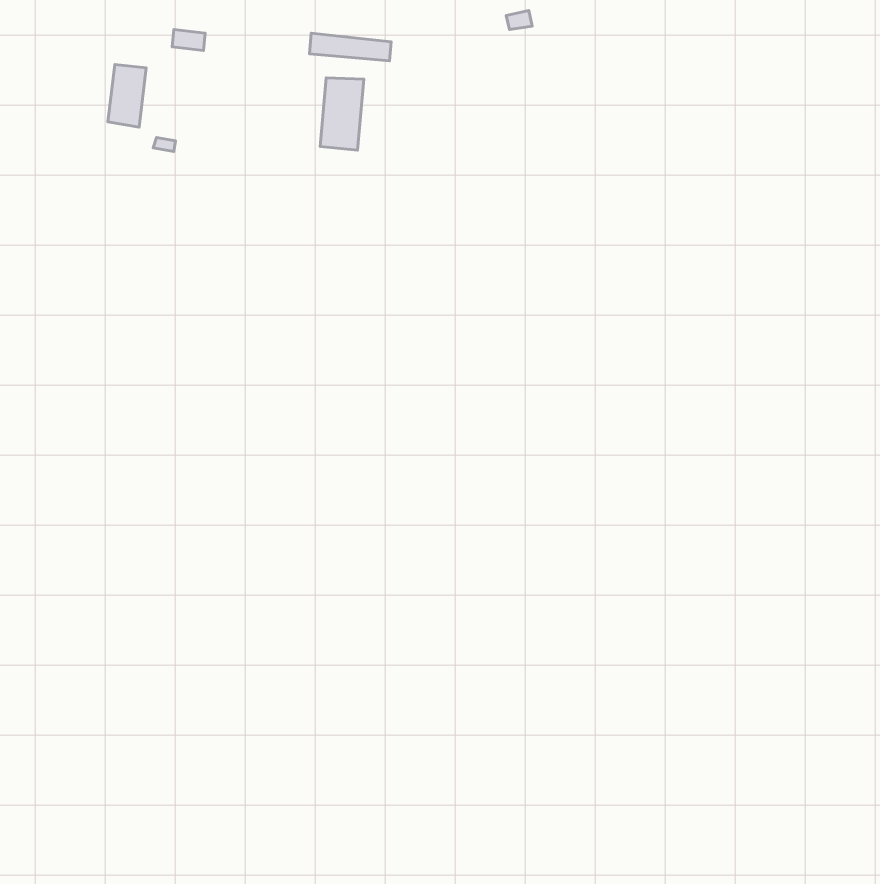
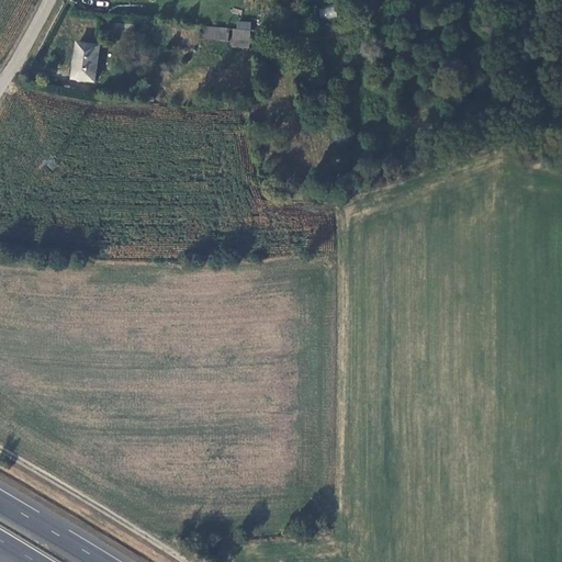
building: [320,78,364,150] -> none

